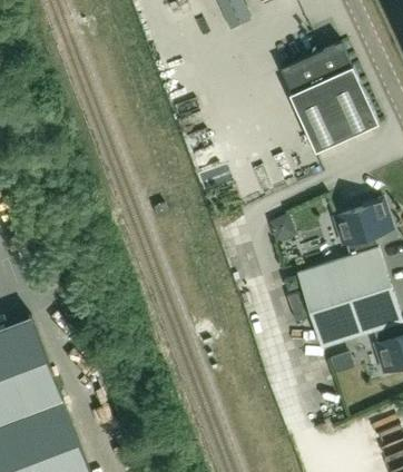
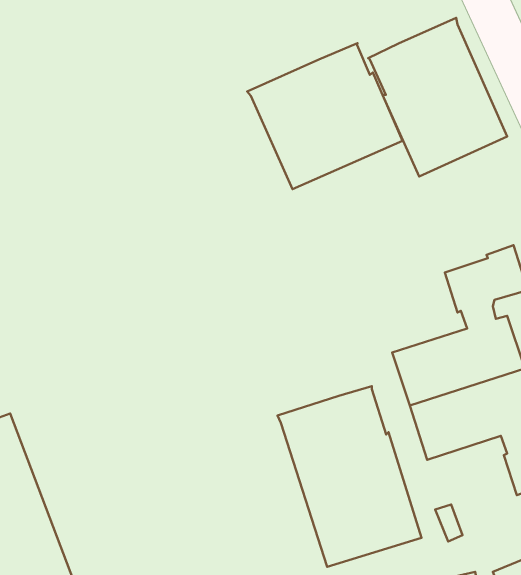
building: none -> [247,43,402,189]
building: none -> [277,386,422,567]

